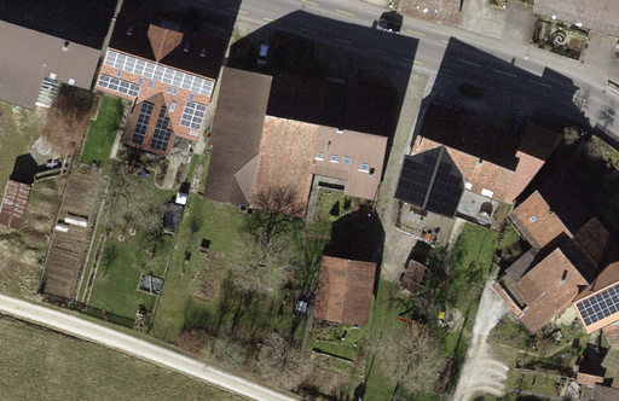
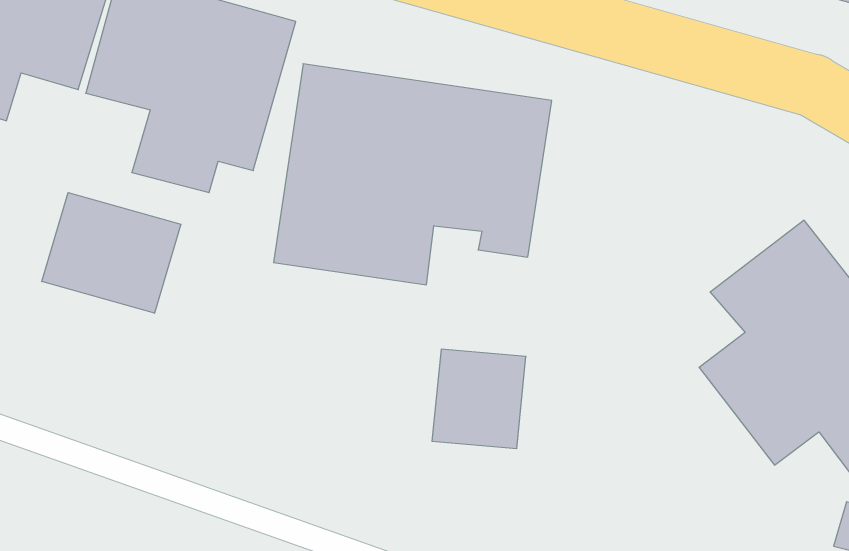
building: [389,103,559,217] -> none
building: none -> [42,193,181,313]

